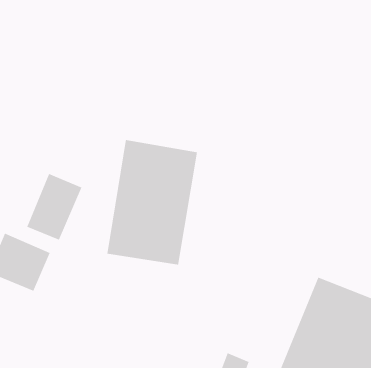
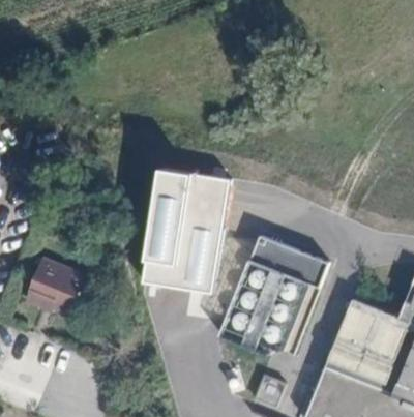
building: [26,173,82,240] -> none
building: none -> [218,232,331,361]

